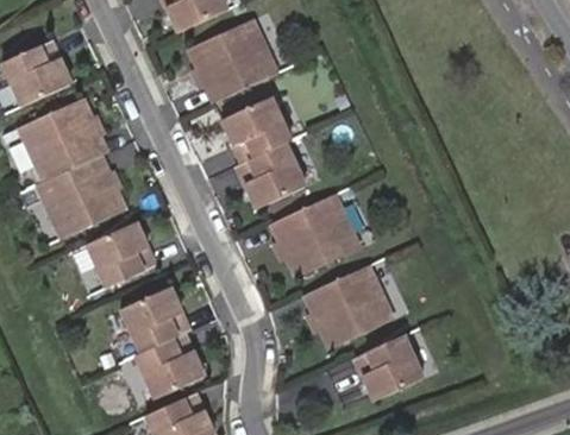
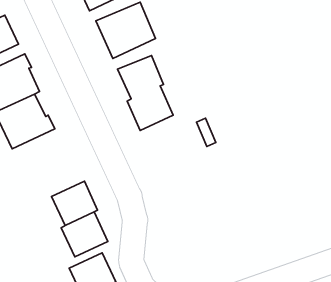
building: [268,195,356,278] -> none
building: [88,221,157,286] -> none
building: [300,266,389,349] -> none
building: [349,336,416,403] -> none

